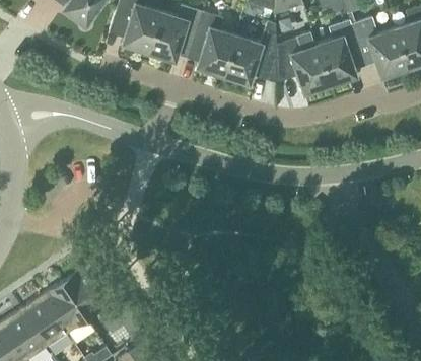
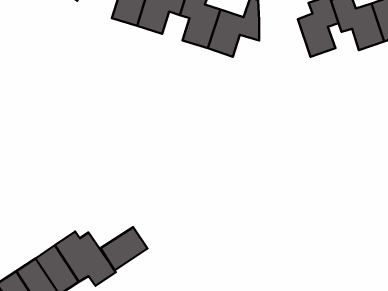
building: [276,32,330,93] -> none
building: none -> [100,227,148,271]

